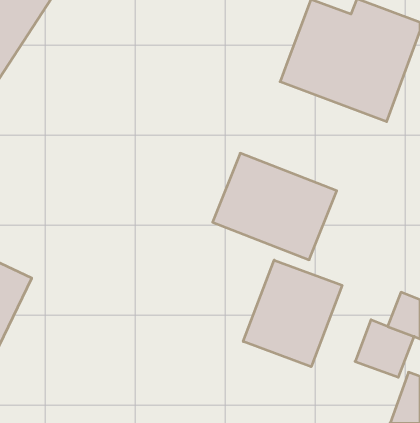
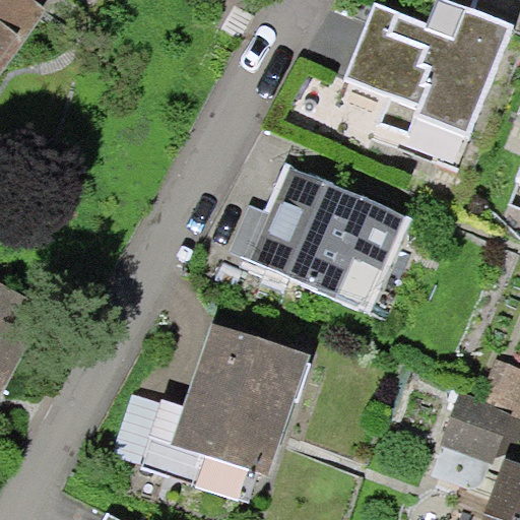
building: none -> [105,311,301,488]
building: [243,260,342,367] -> none

